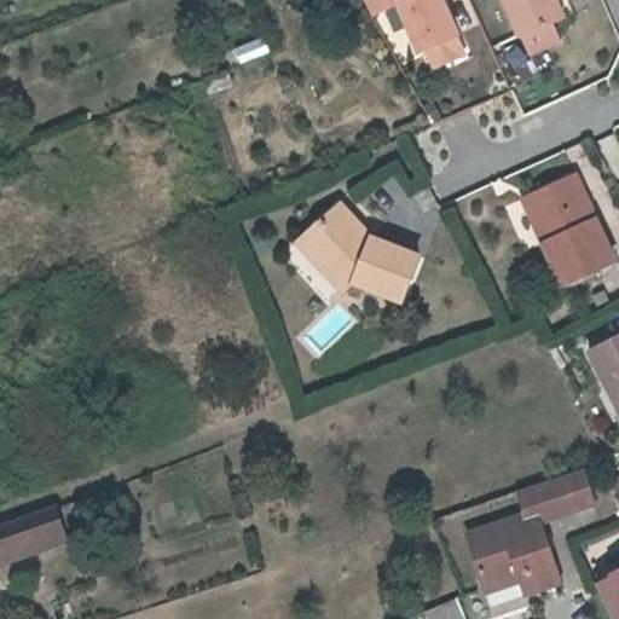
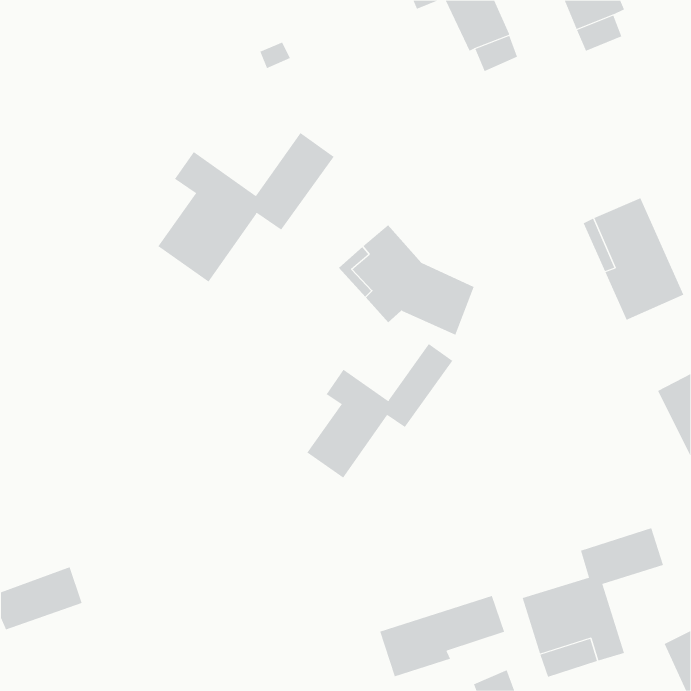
building: none -> [157,132,334,282]
building: none -> [306,343,453,478]
building: none -> [379,595,505,677]

